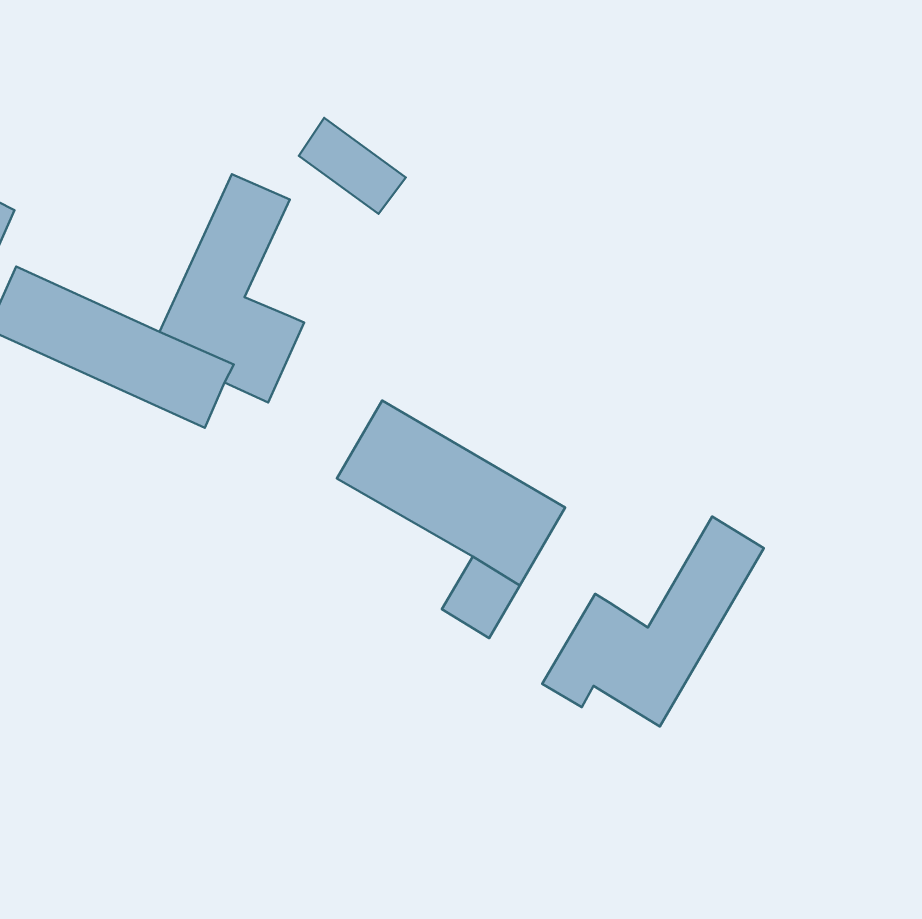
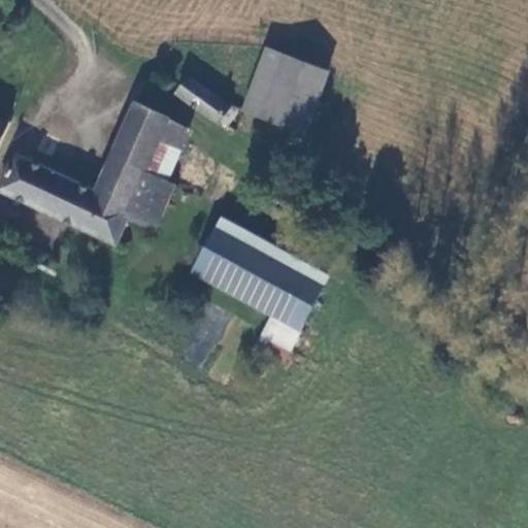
building: none -> [250,45,326,127]
building: none -> [139,113,189,179]
building: [542,516,764,727] -> none

